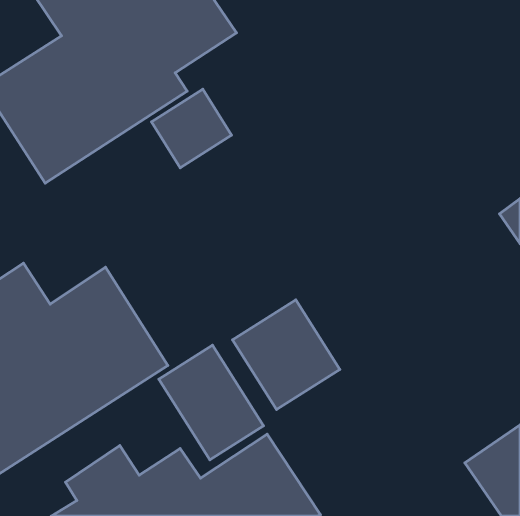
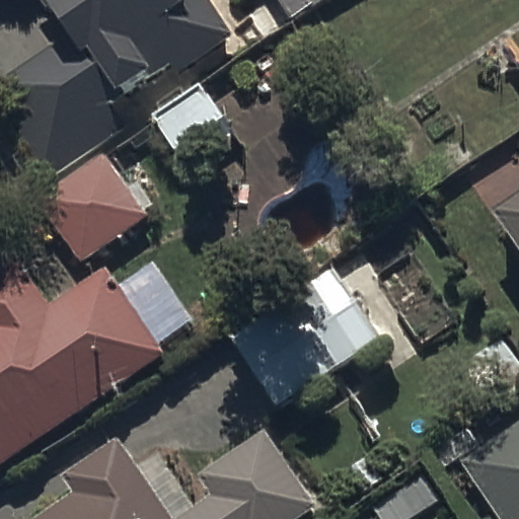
building: none -> [36,146,153,263]
building: [159,345,264,460] -> none

